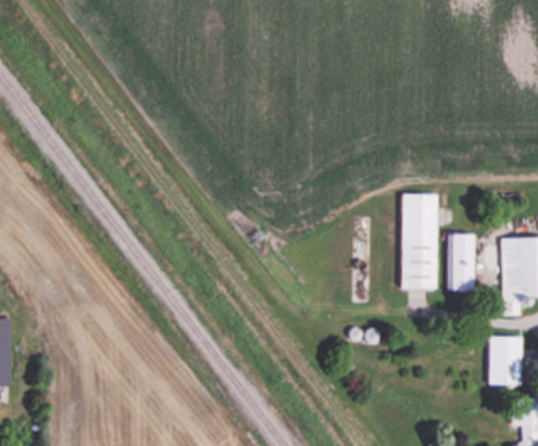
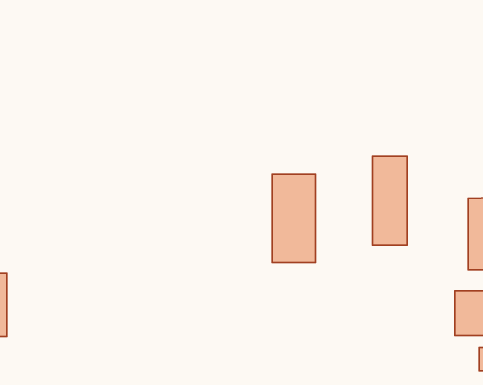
building: none -> [272,174,316,262]
building: [448,232,474,291] -> none

